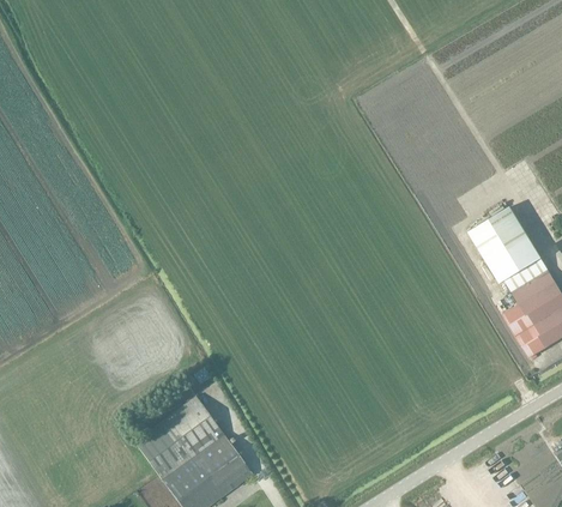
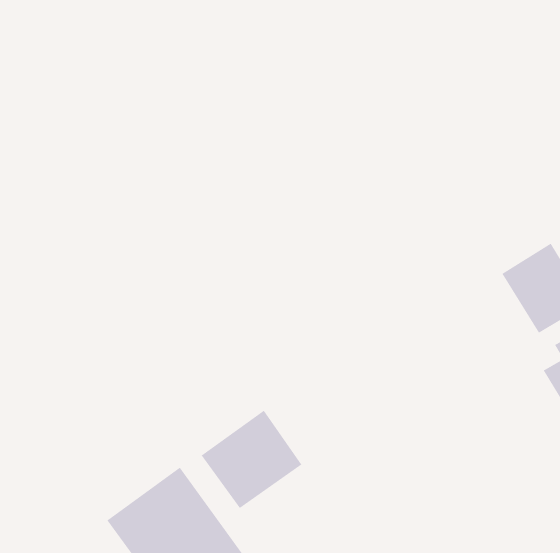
building: none -> [201,410,302,509]

